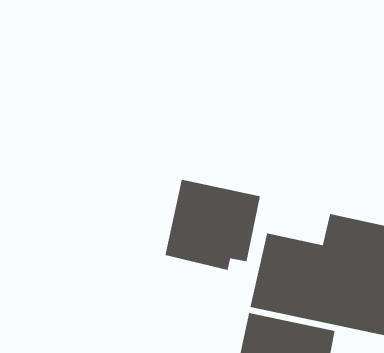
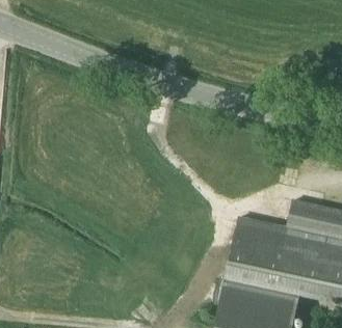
building: [164,179,261,271] -> none

